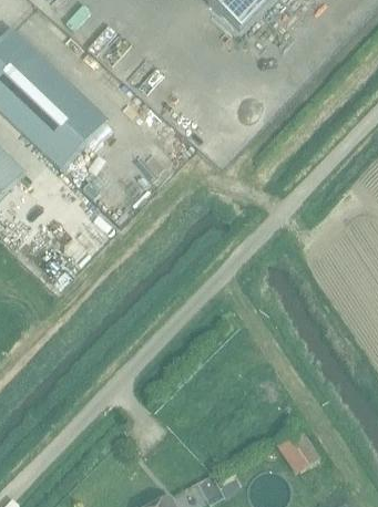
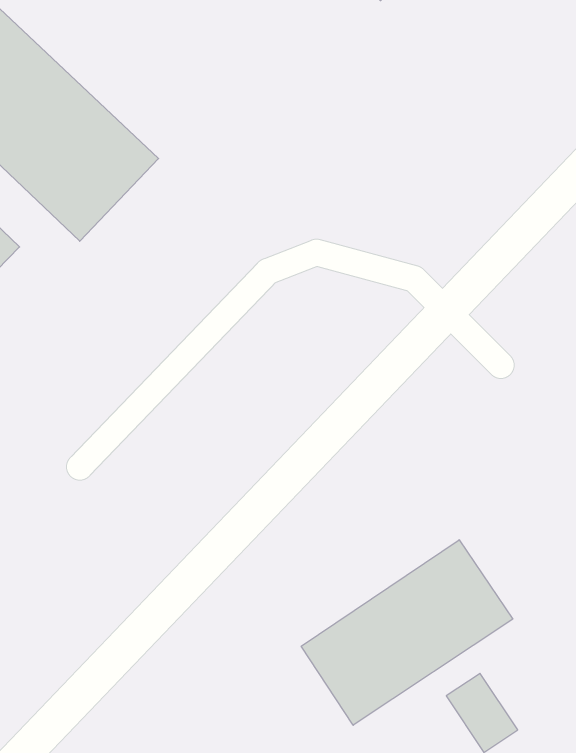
building: none -> [301,540,513,725]

